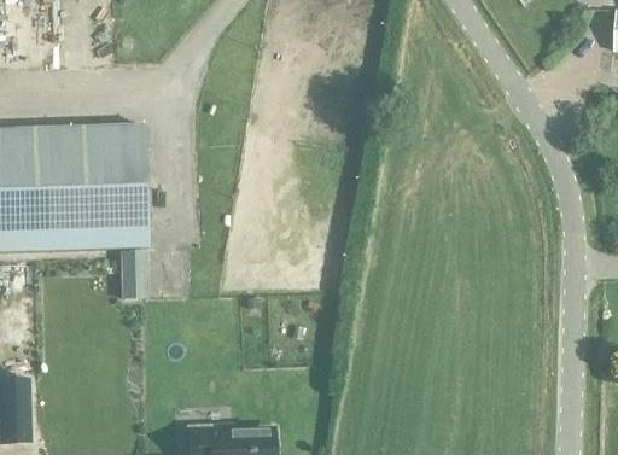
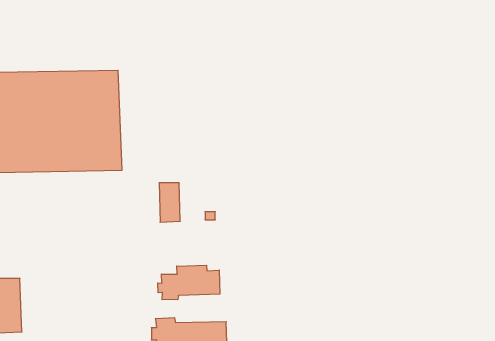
building: [122,250,147,297] -> [159,183,180,222]
building: none -> [158,265,220,300]

